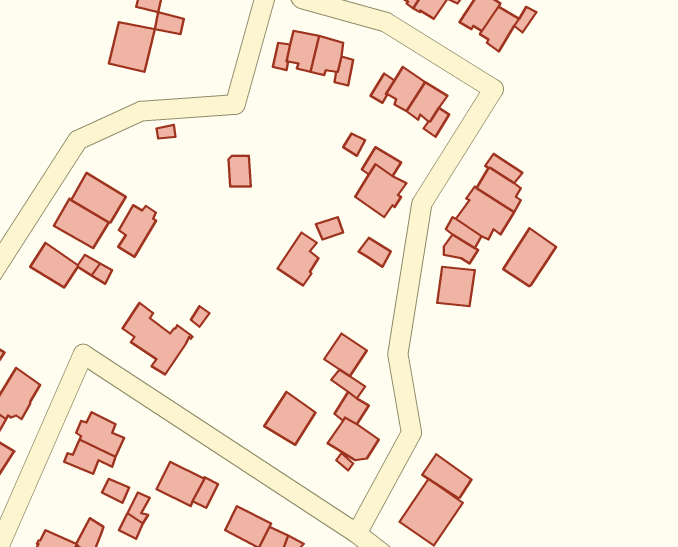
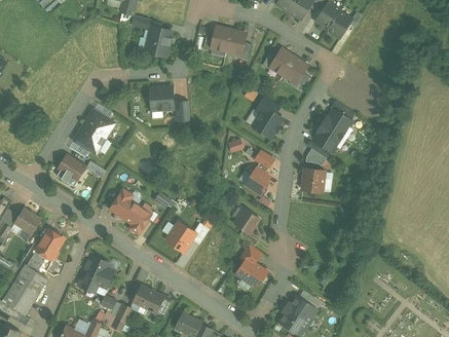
building: [109,22,155,72] -> [144,26,172,55]
building: none -> [149,87,173,108]
building: [118,205,156,257] -> none
building: [503,228,556,286] -> none
building: [277,233,318,286] -> [245,161,269,193]
building: [264,392,316,445] -> [164,219,195,251]
building: [422,454,472,498] -> none

